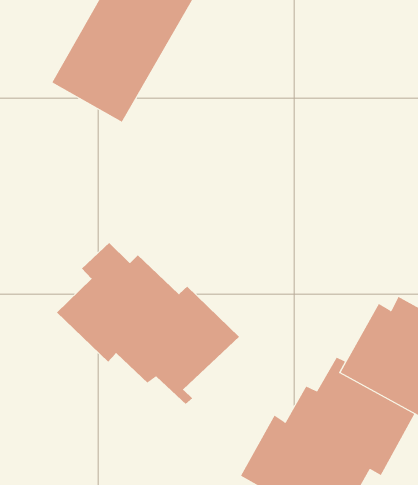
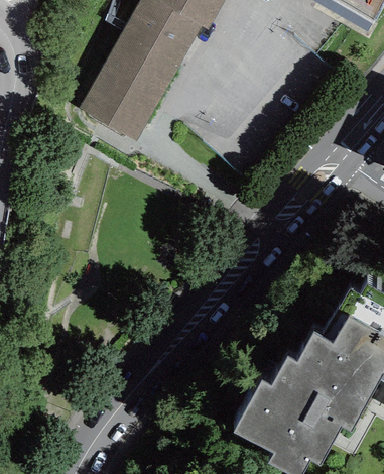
building: [56,242,240,405] -> none

